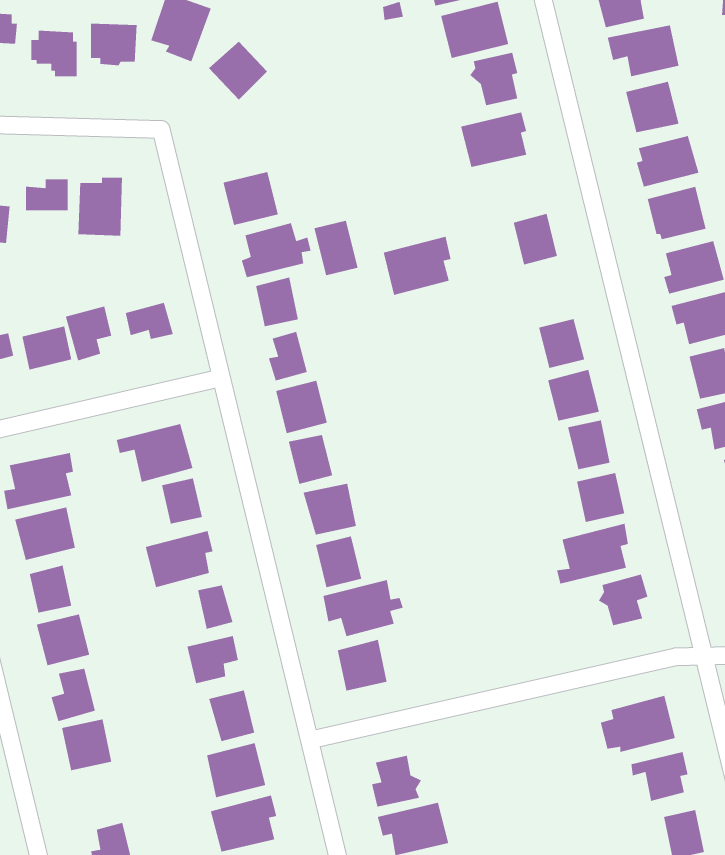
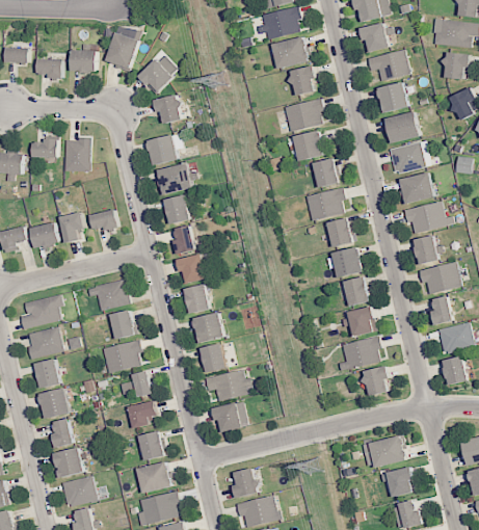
building: none -> [155,95,183,123]
building: none -> [293,130,324,161]
building: [314,220,358,276] -> none
building: [383,236,452,296] -> [304,187,344,221]
building: none -> [61,476,95,507]

